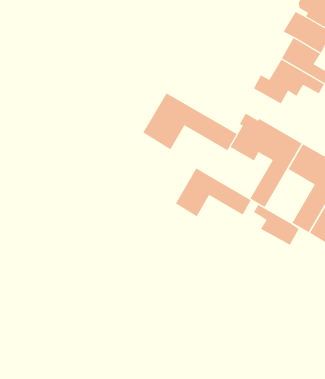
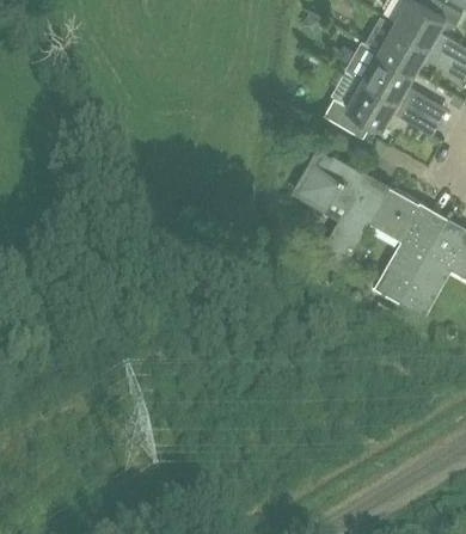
building: [143,92,237,151] -> none
building: [175,168,252,217] -> none
building: [253,204,300,246] -> none

